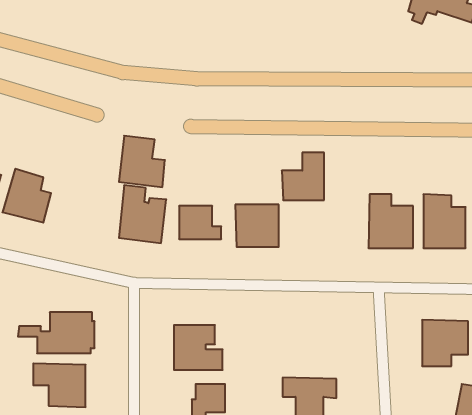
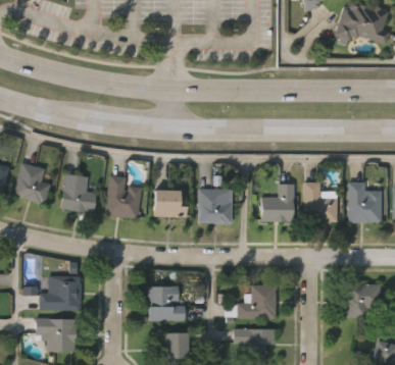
building: [119,136,165,187] -> [59,172,96,213]
building: [282,153,324,200] -> [261,184,295,221]
building: none -> [237,284,278,317]

